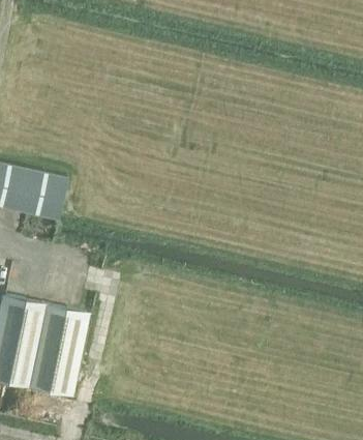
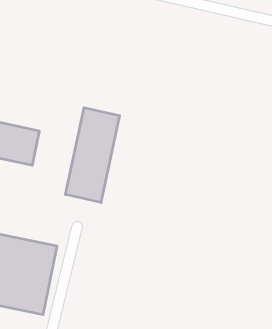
building: none -> [65,108,120,203]

